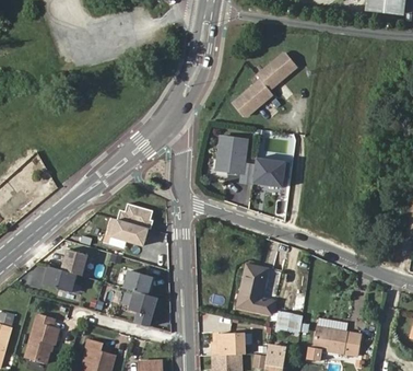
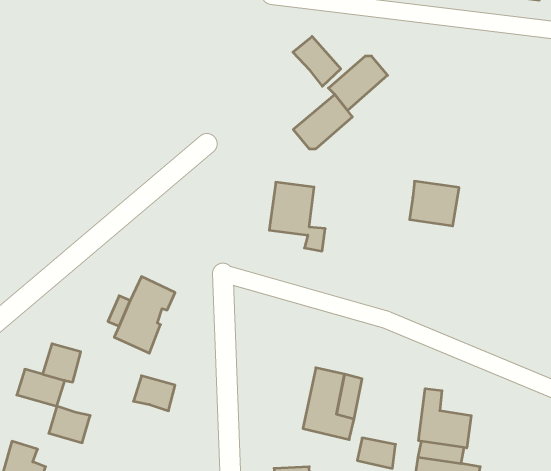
building: none -> [293,36,341,86]
building: [252,159,286,189] -> [410,181,459,226]
building: none -> [419,389,471,448]
building: [129,290,157,315] -> [49,406,90,443]

